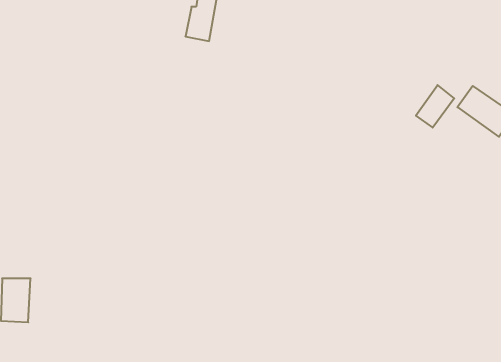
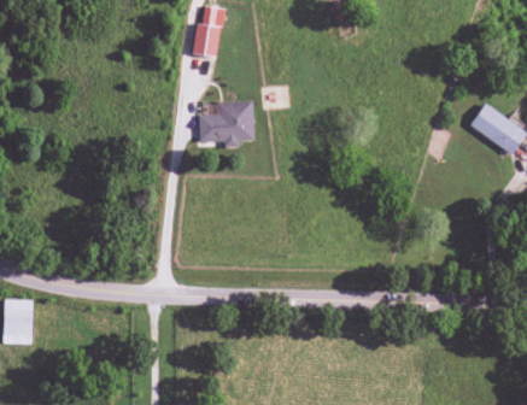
building: none -> [199,100,254,146]
building: [416,85,454,128] -> none

